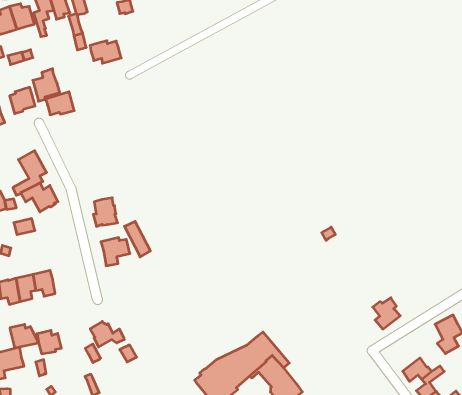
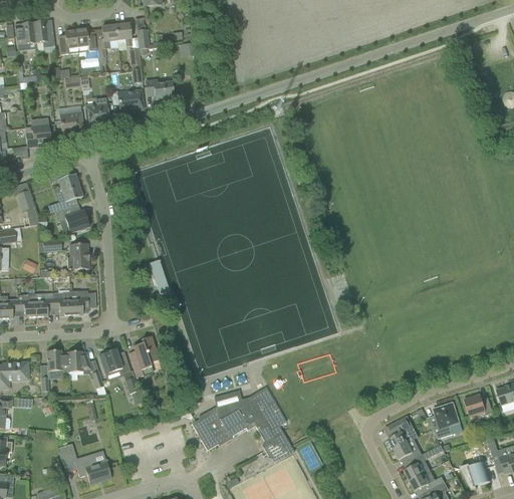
building: [45,92,74,115] -> [117,89,144,109]
building: [93,198,118,226] -> [66,243,88,268]
building: [101,238,130,266] -> [69,289,95,314]
building: [373,298,400,329] -> [388,419,413,448]
building: none -> [127,335,158,377]
building: [10,324,38,348] -> [66,350,91,371]

